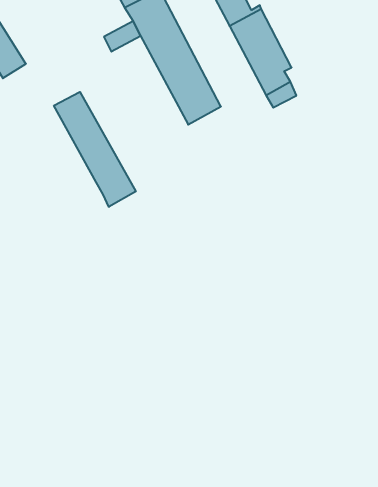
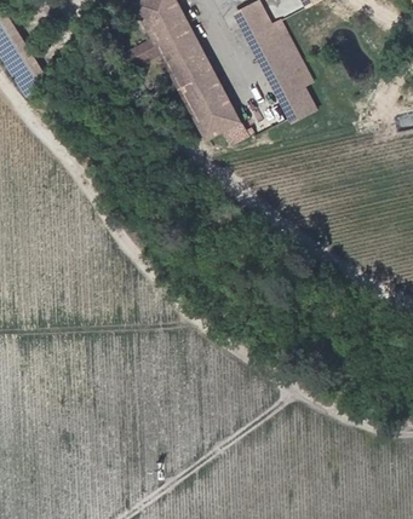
building: [54,92,136,207] -> none

